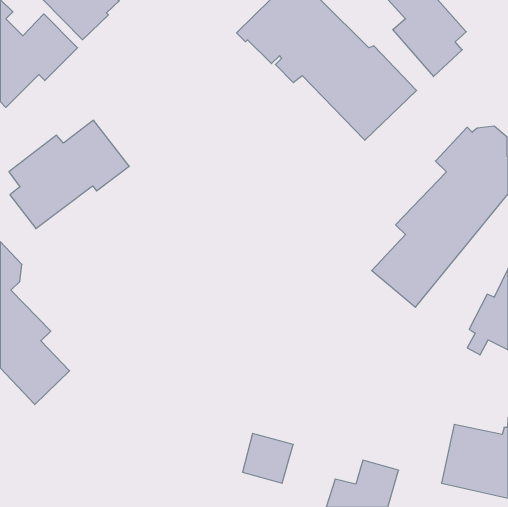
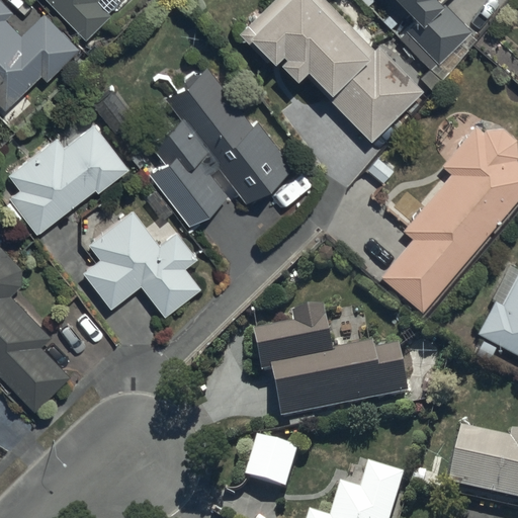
building: none -> [149,66,294,225]
building: none -> [83,209,202,320]
building: none -> [256,311,412,424]

